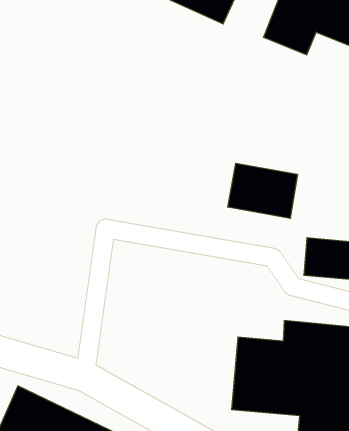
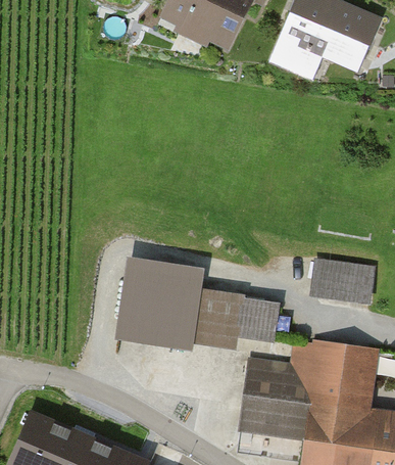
building: [228,163,297,219] -> none
building: none -> [115,264,281,362]

